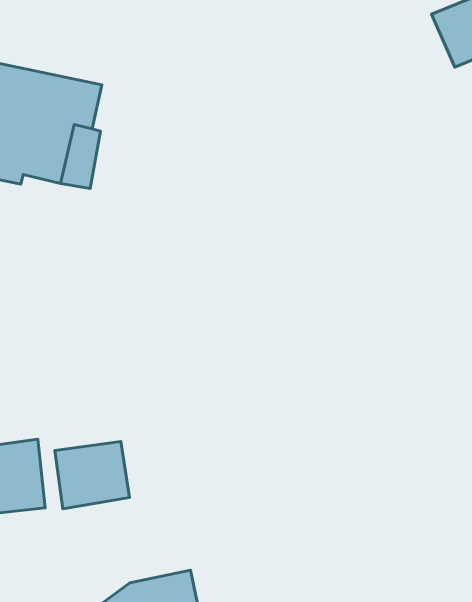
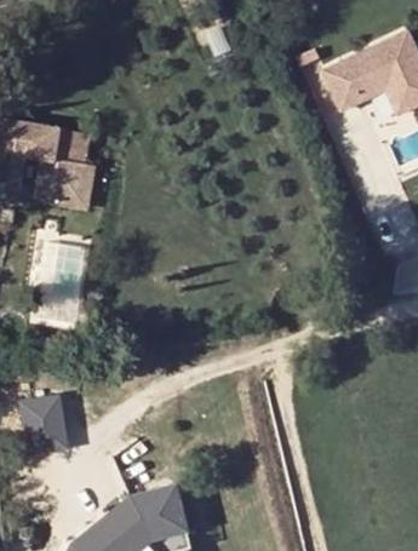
building: [55,441,130,509] -> none

